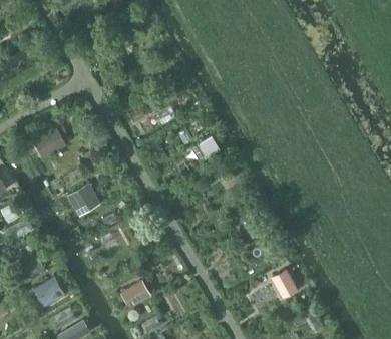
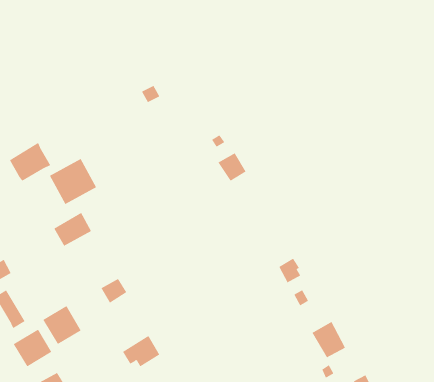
building: none -> [49,158,97,205]
building: none -> [43,305,82,345]

